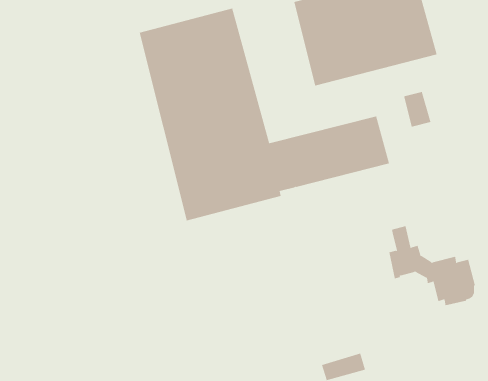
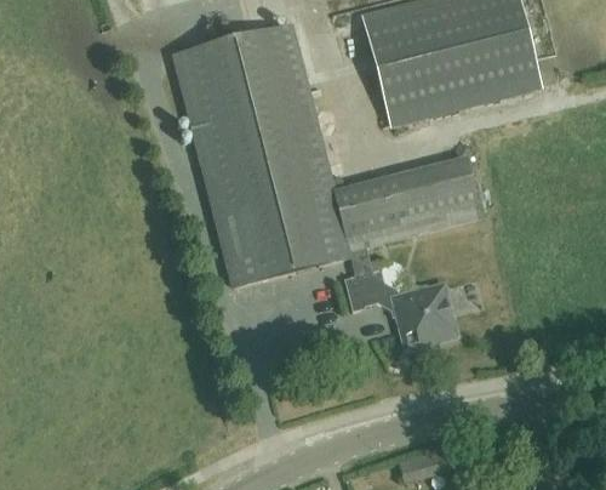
building: [403,91,431,127] -> none
building: [388,225,476,306] -> [344,245,451,343]

